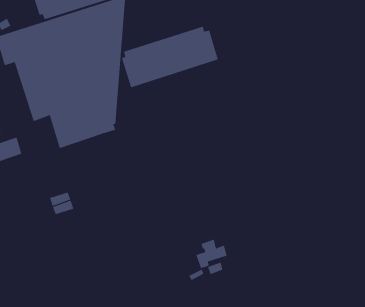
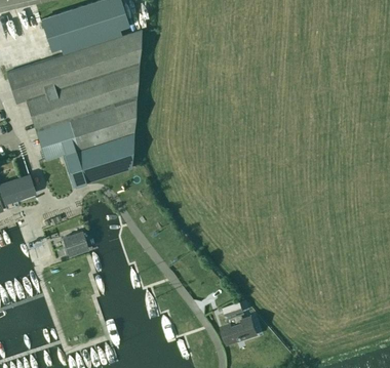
building: [121,26,219,88] -> none
building: [195,239,227,269] -> [223,314,256,344]

